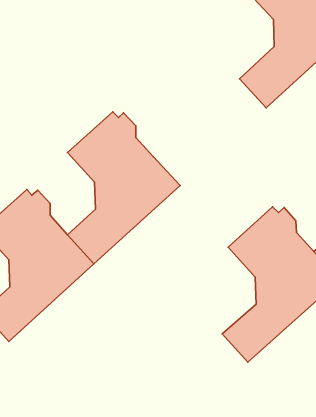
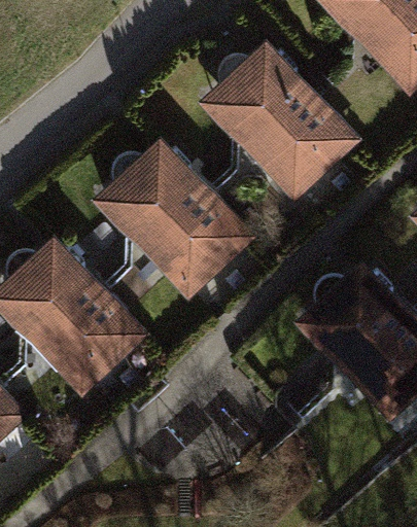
building: none -> [212,47,353,237]

